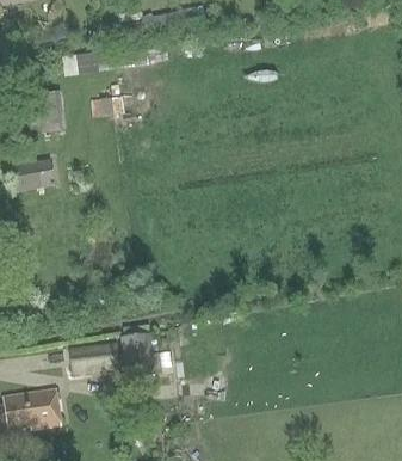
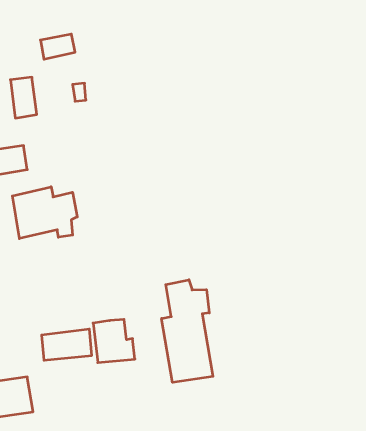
building: none -> [12,187,77,239]
building: none -> [162,280,213,382]

